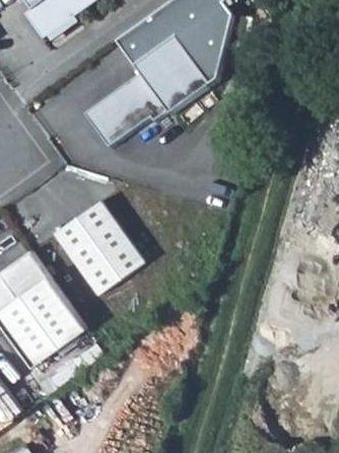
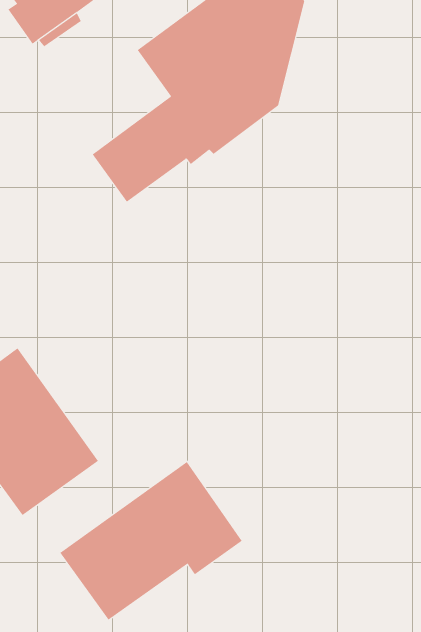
building: [55,201,145,295] -> none
building: none -> [60,461,242,621]

